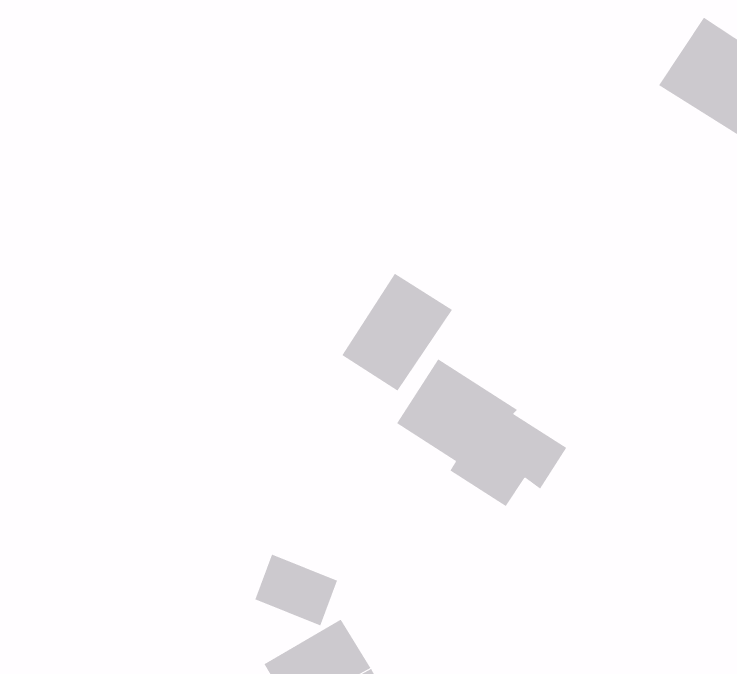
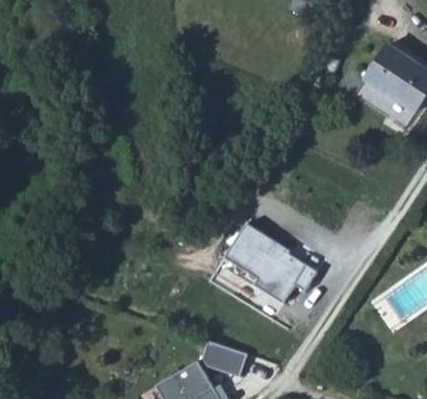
building: [342,273,453,392] -> none
building: [254,554,338,626] -> [201,338,245,376]

